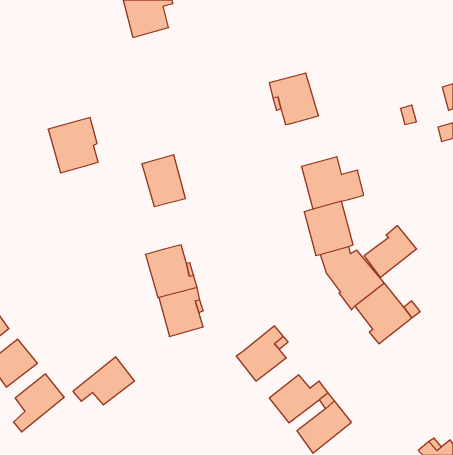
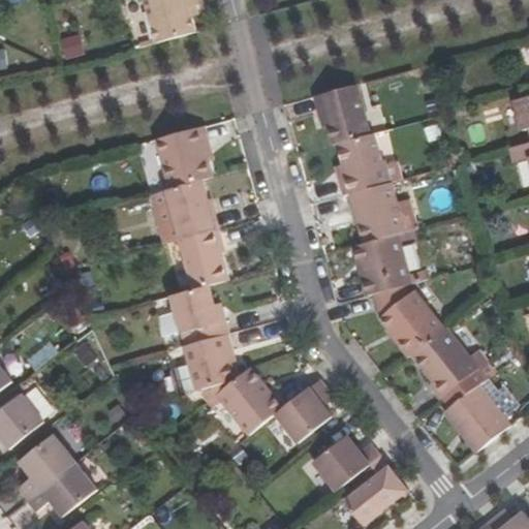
building: none -> [336,133,391,194]
building: [48,118,98,173] -> [154,125,212,189]
building: none -> [177,229,228,289]
building: [364,226,417,277] -> none
building: none -> [216,368,281,435]
building: none -> [443,384,509,453]
building: [73,357,135,405] -> [25,461,96,517]

